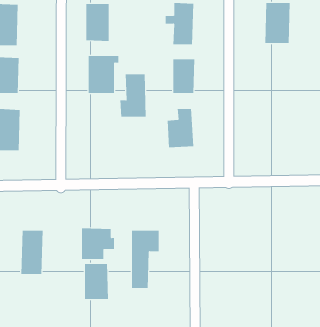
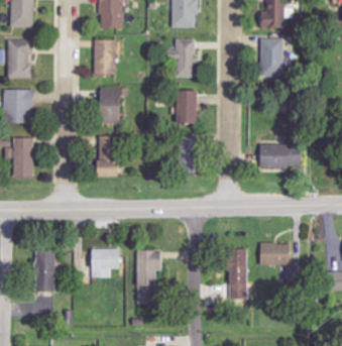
building: [119,74,146,117] -> [93,136,118,177]
building: none -> [258,144,299,168]
building: none -> [260,243,290,263]
building: none -> [227,249,247,300]
building: [85,263,109,300] -> none

